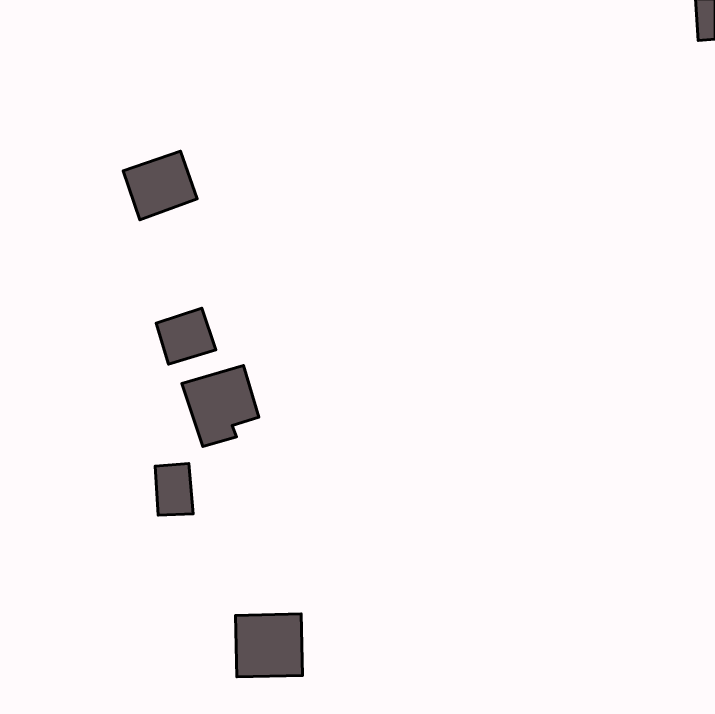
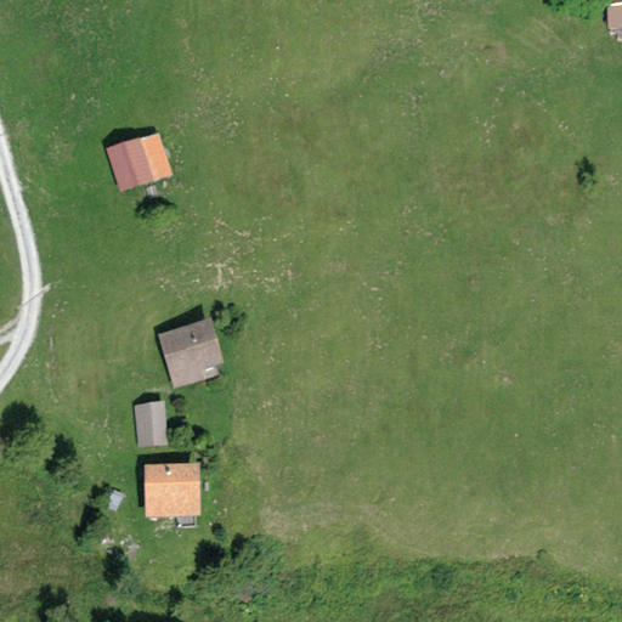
building: [156,308,216,364] -> none
building: [235,614,303,677] -> [143,462,202,516]

